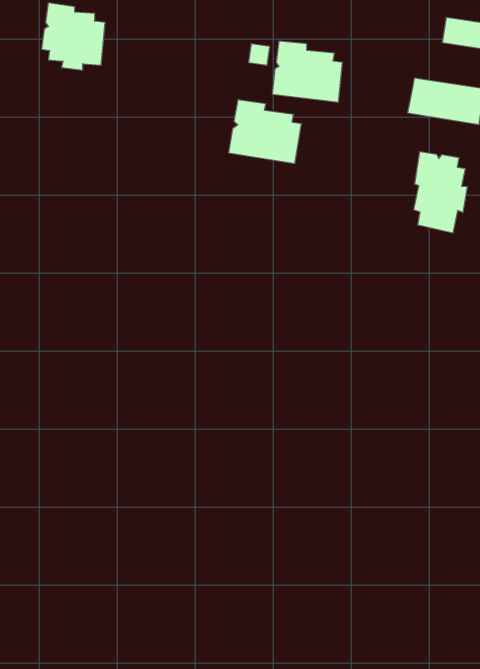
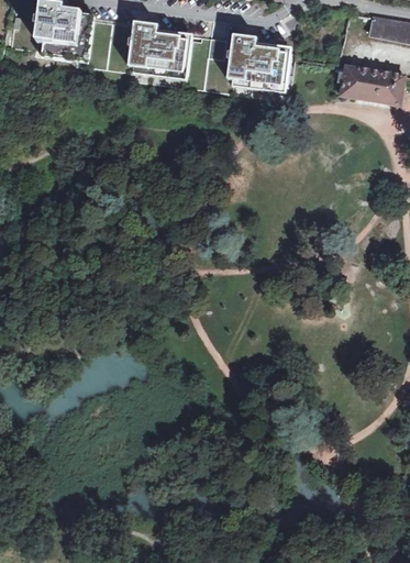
building: [229,100,302,163] -> [128,22,188,75]
building: [414,152,467,233] -> none

